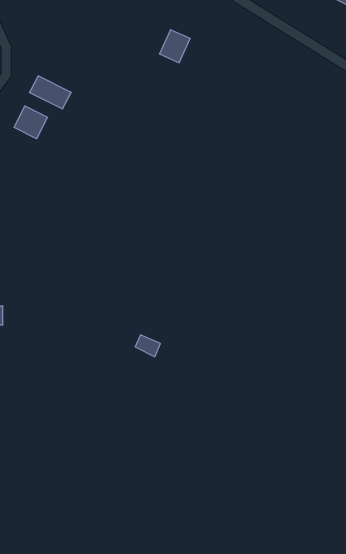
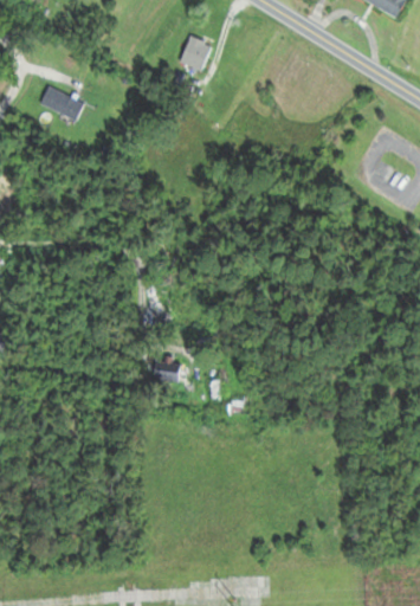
building: [14,106,47,139] -> none

